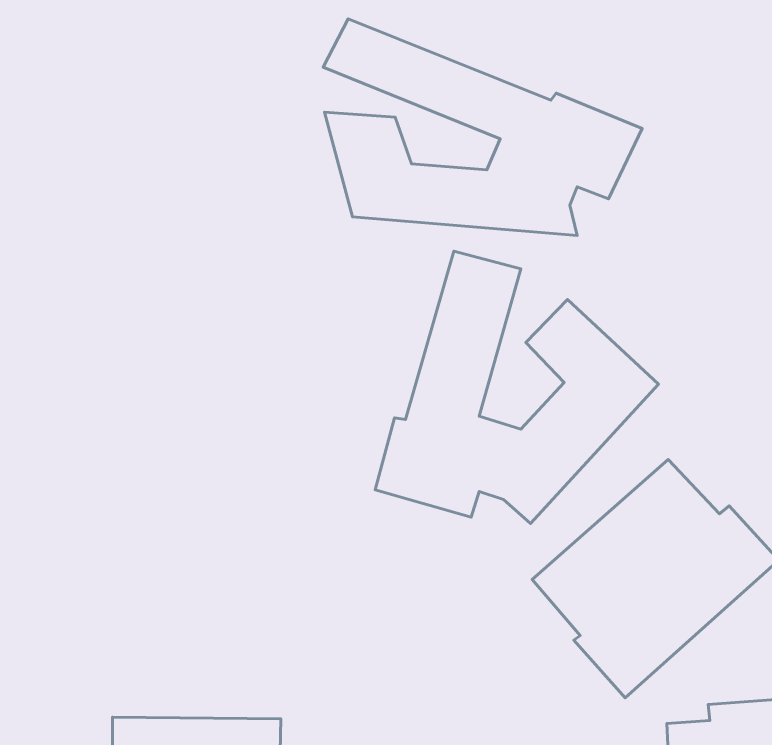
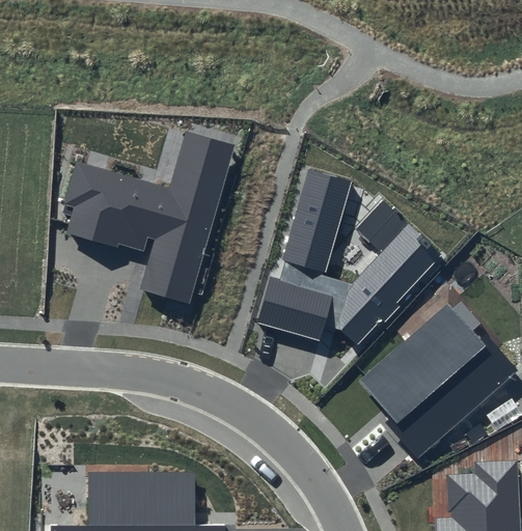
building: [323,19,642,236] -> none
building: none -> [62,130,235,303]

